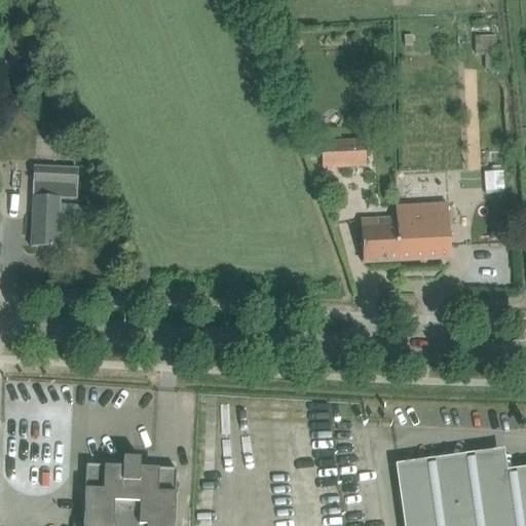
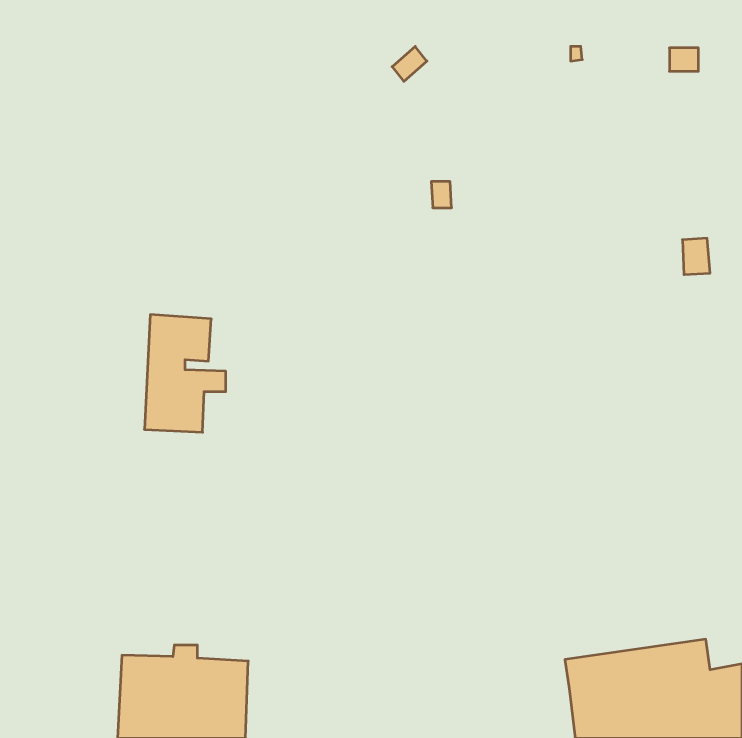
building: [322,138,367,166] -> none
building: [30,163,87,247] -> [144,315,226,432]
building: [361,201,450,262] -> none

